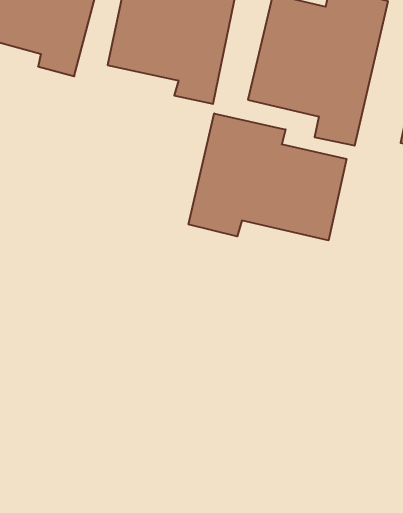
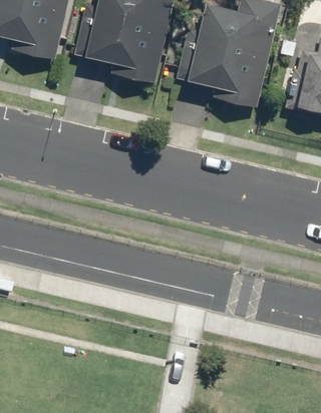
building: [189,113,346,240] -> none

